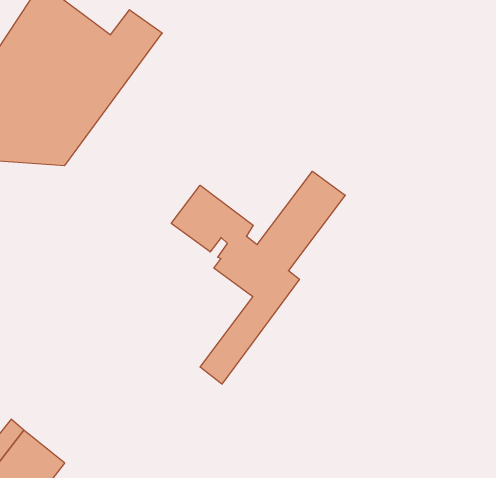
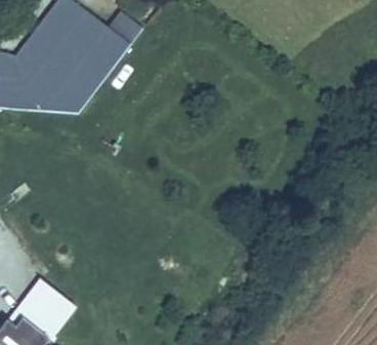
building: [171,171,345,384] -> none

